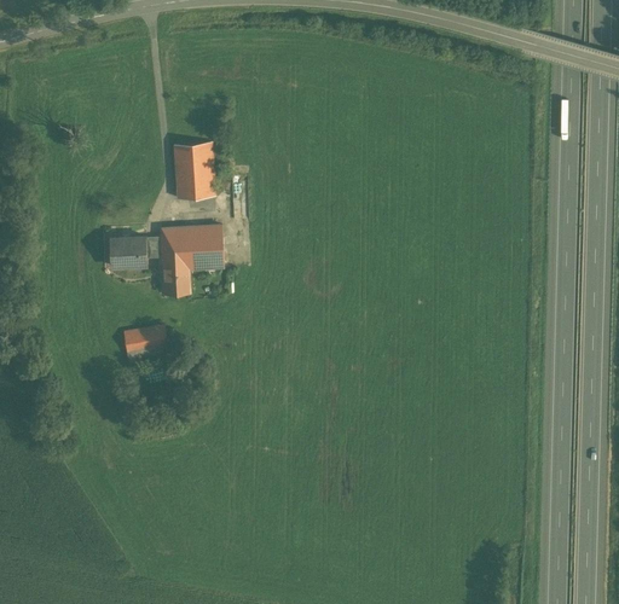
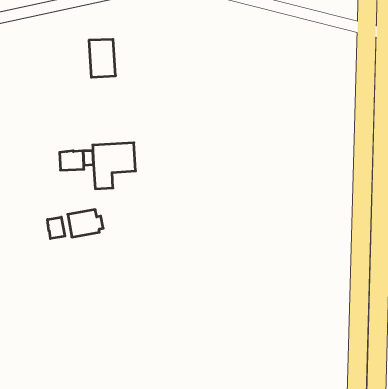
building: [174,143,214,199] -> [89,39,116,77]
building: none -> [48,217,65,239]

